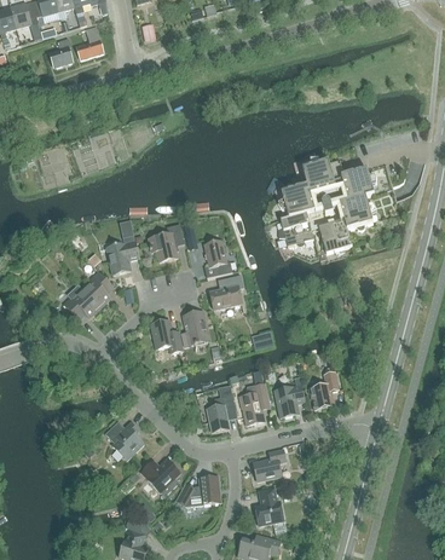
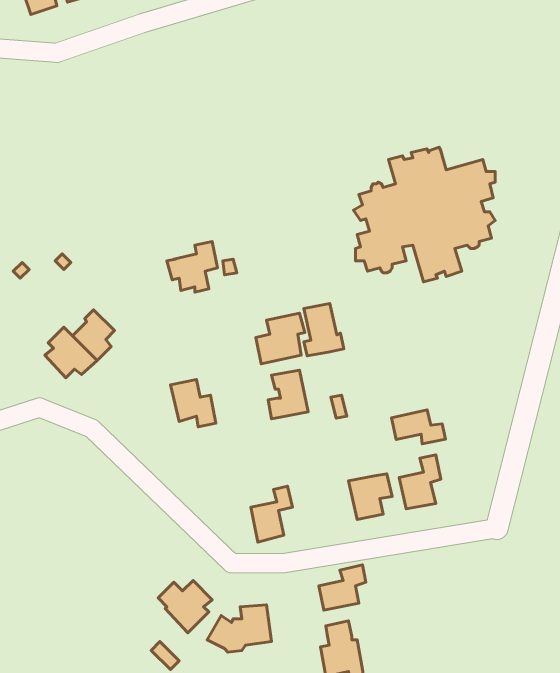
building: [108,219,139,273] -> none
building: [204,239,232,276] -> [304,303,344,356]
building: [181,311,209,345] -> [268,370,308,419]
building: none -> [391,410,446,444]
building: [239,382,268,423] -> none
building: [105,421,144,458] -> none

